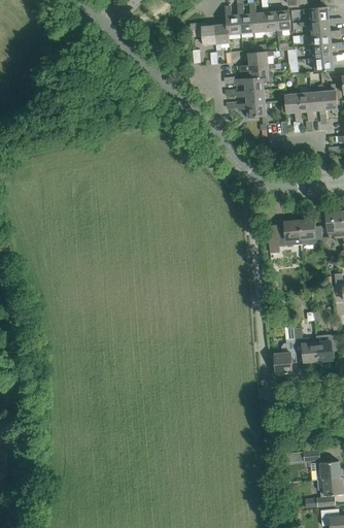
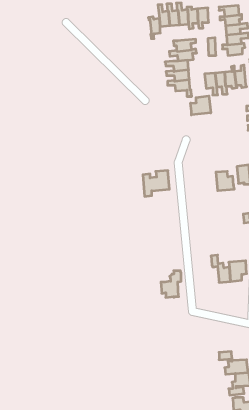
building: [190,23,216,45] -> none
building: none -> [191,96,211,115]
building: [267,221,301,254] -> [143,171,169,196]
building: [269,339,295,373] -> [161,271,181,297]

